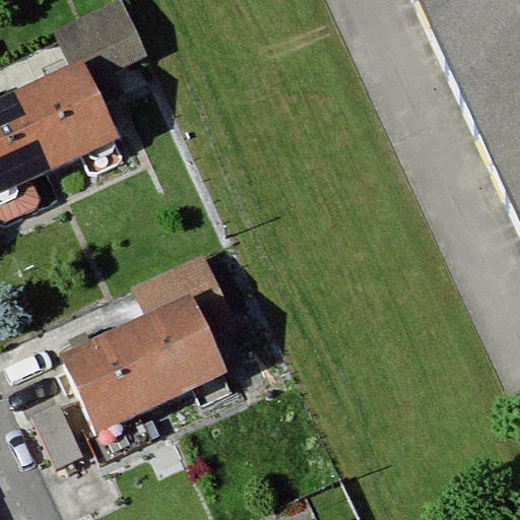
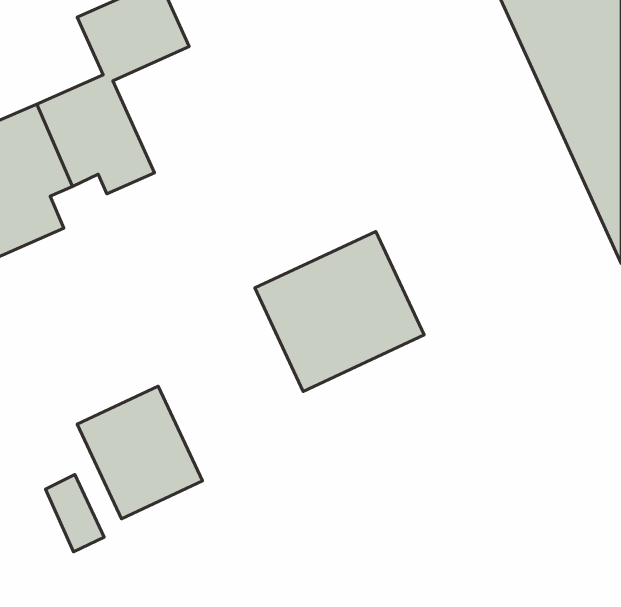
building: none -> [255,231,424,392]
building: [131,289,234,398] -> none

